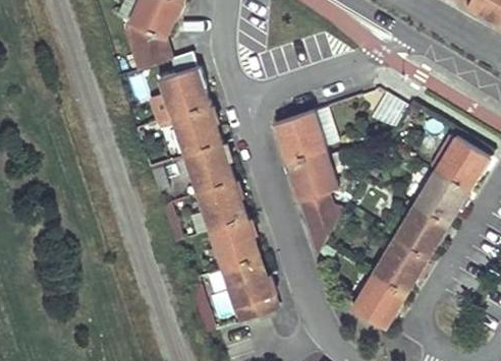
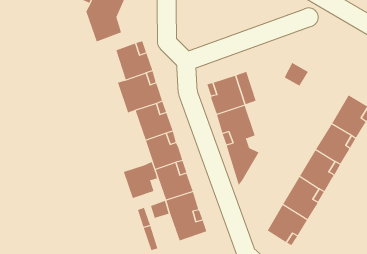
building: none -> [123,161,158,199]

